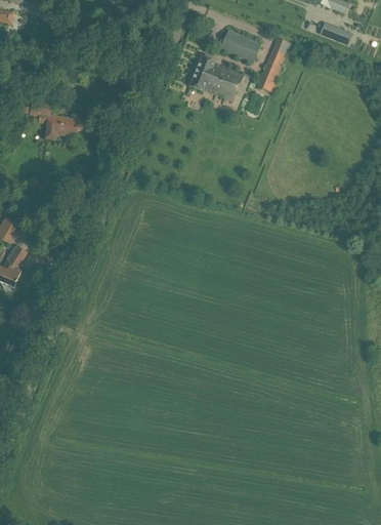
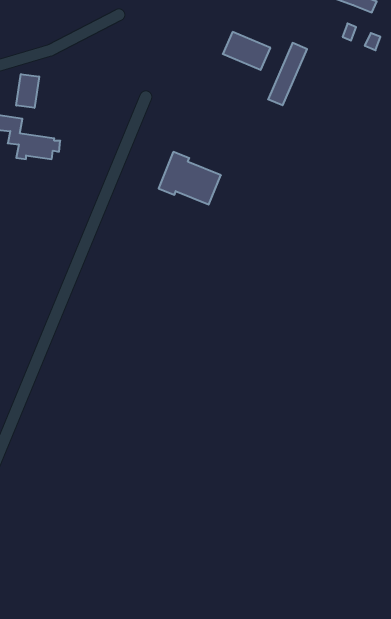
building: [189,55,242,99] -> [159,152,221,205]
building: none -> [16,74,39,108]

